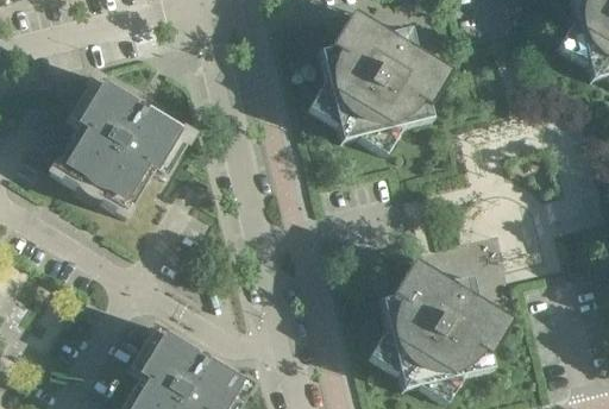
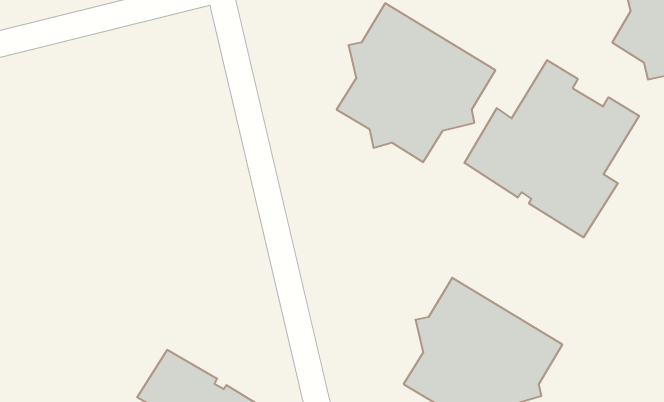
building: none -> [464,60,639,237]
building: [51,73,194,216] -> none

